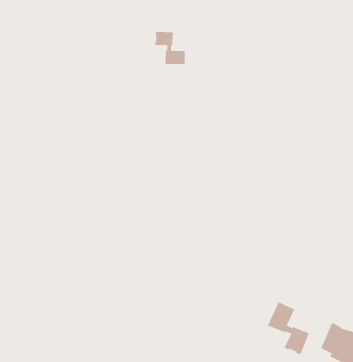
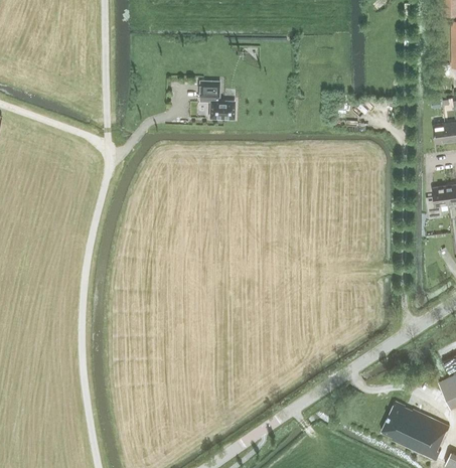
building: [267,301,310,355] -> none

